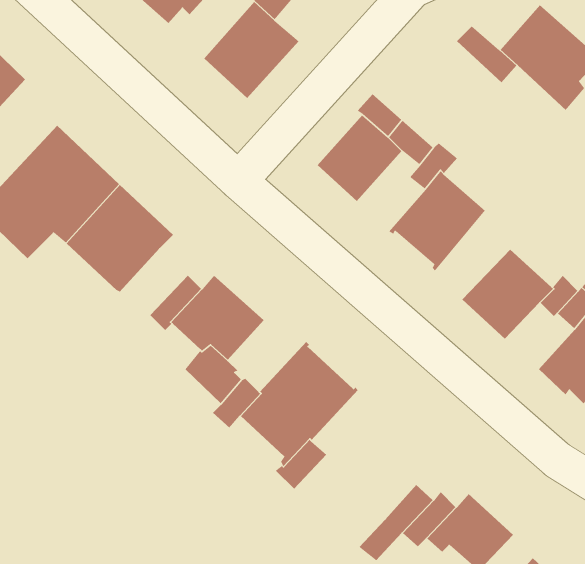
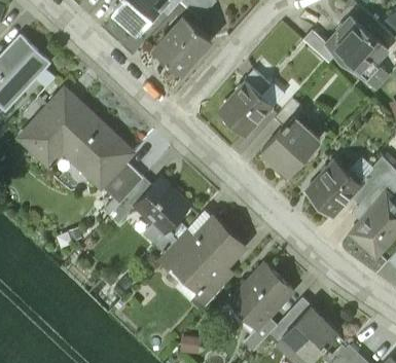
building: none -> [103,162,143,204]
building: none -> [233,264,291,322]

